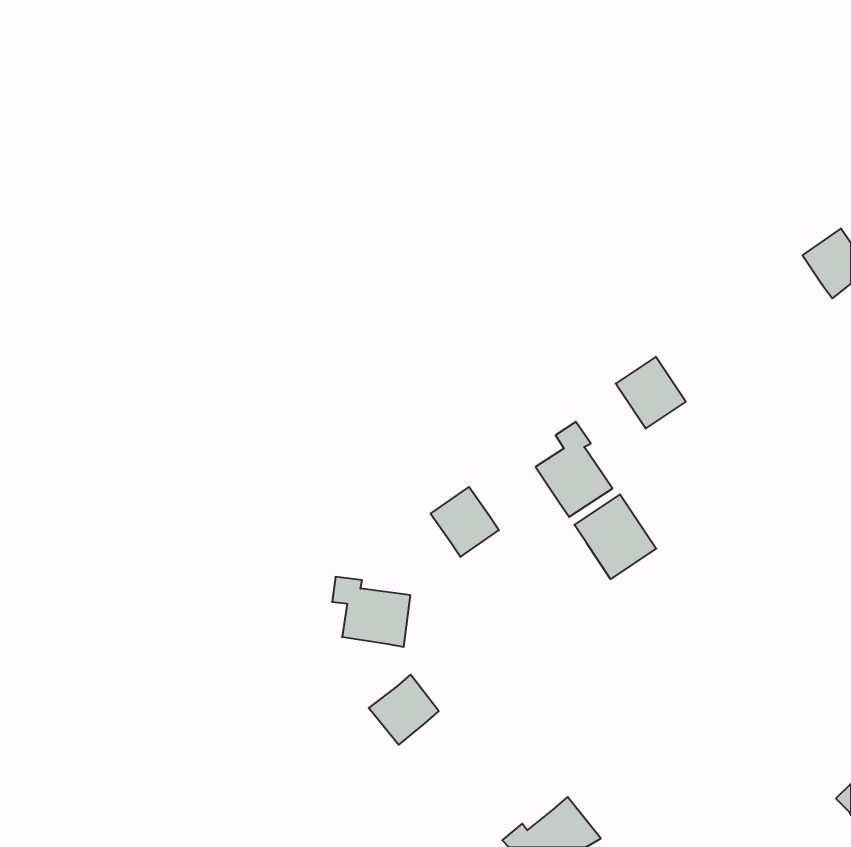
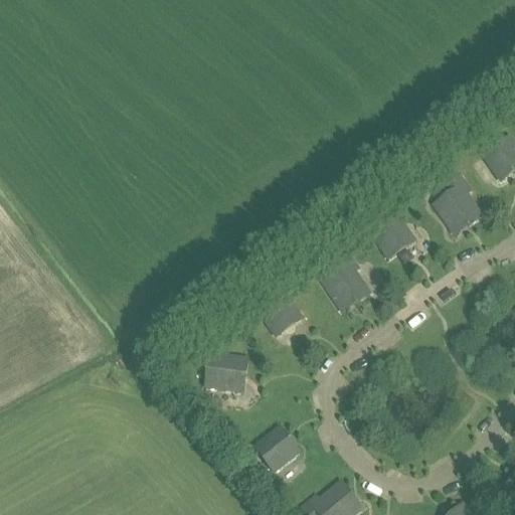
building: none -> [435,176,481,234]
building: [574,494,656,579] -> none
building: [369,675,439,745] -> [255,426,298,469]

